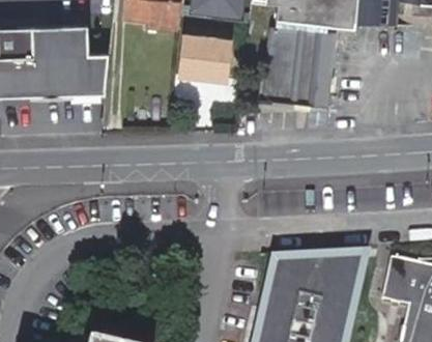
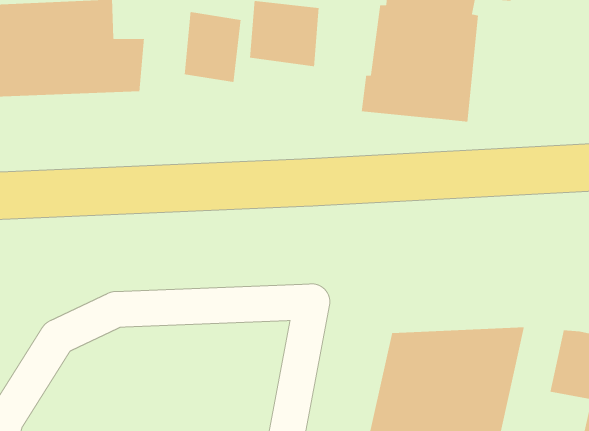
building: none -> [184,11,242,83]

